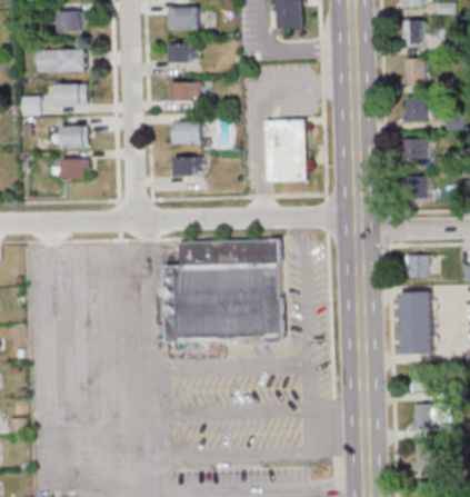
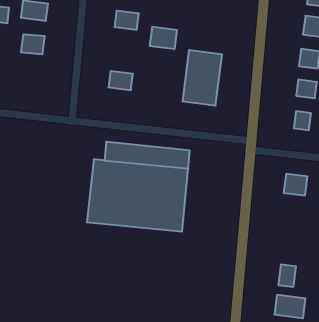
building: [171,120,202,143] -> [150,27,177,49]
building: [61,159,88,180] -> none
building: [399,291,434,355] -> none

